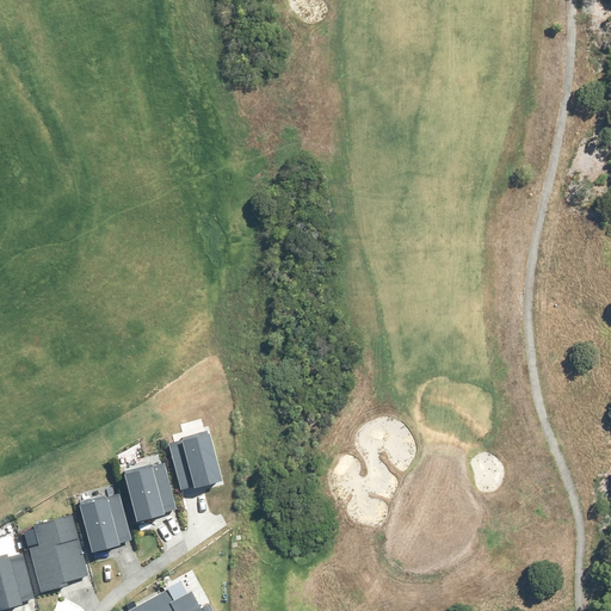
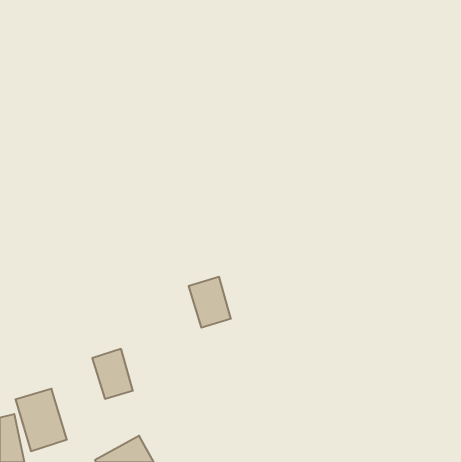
building: [167,428,223,495] -> [189,277,231,328]
building: [80,488,135,556] -> none

